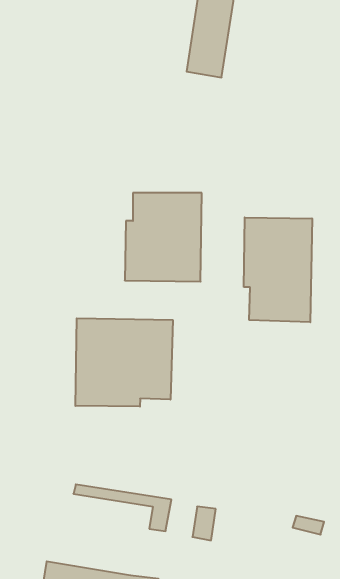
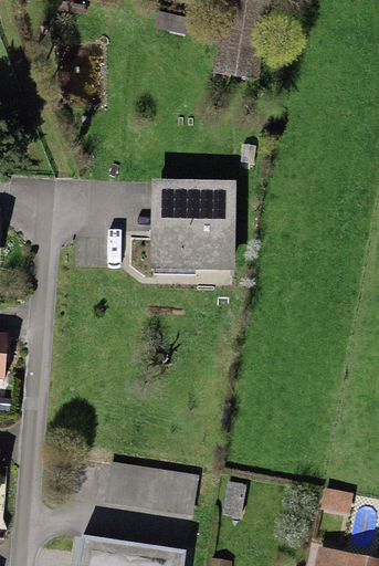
building: [244,217,312,322] -> none
building: [75,318,173,407] -> none

